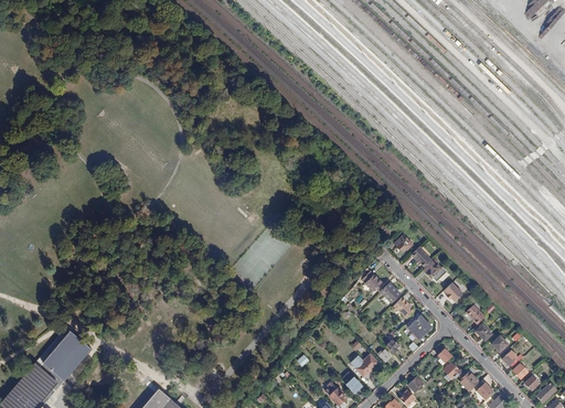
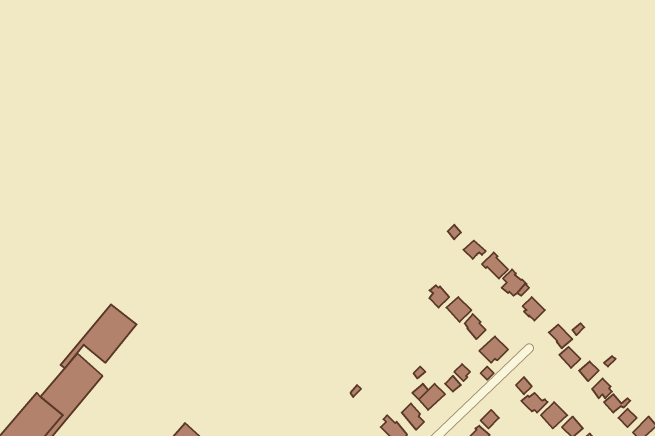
building: none -> [61,304,137,368]

